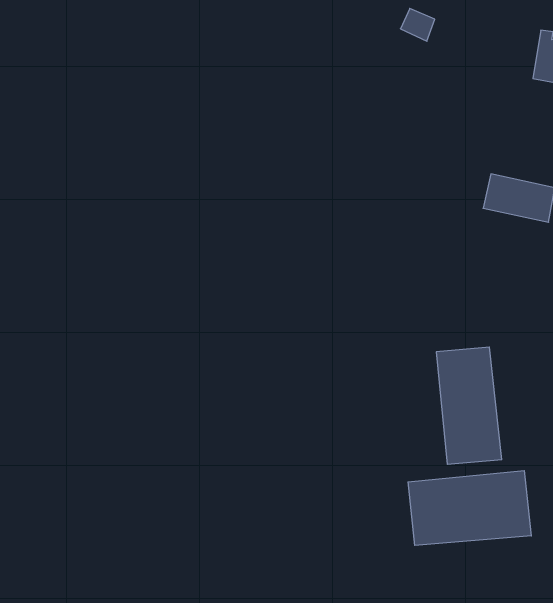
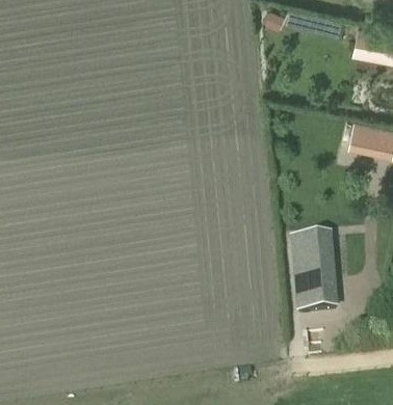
building: [408,471,531,545] -> none

